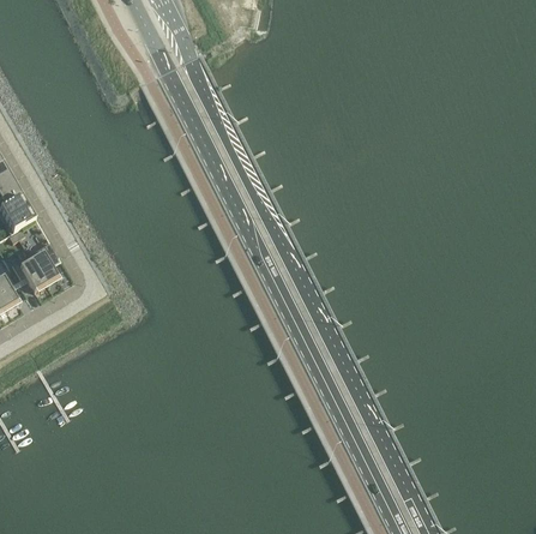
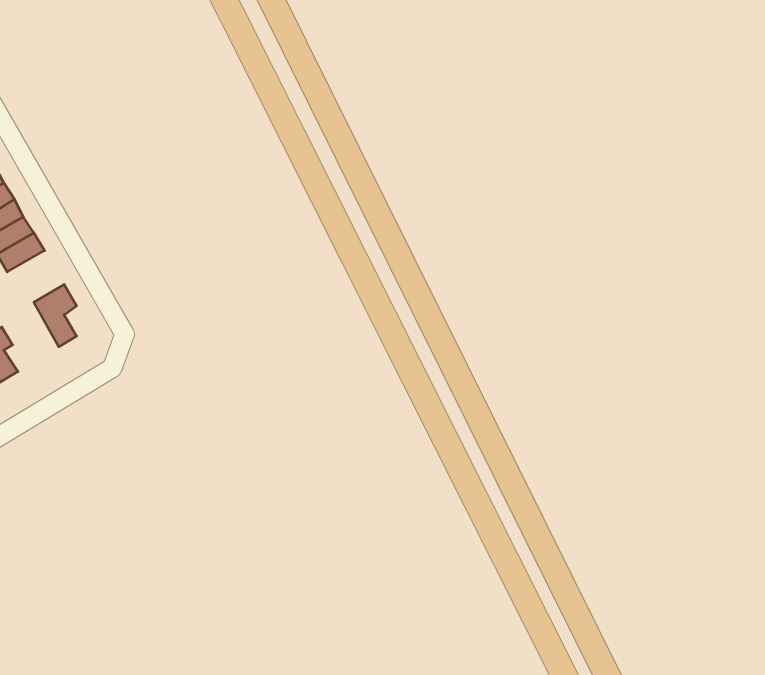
building: [12,254,46,292] -> none

